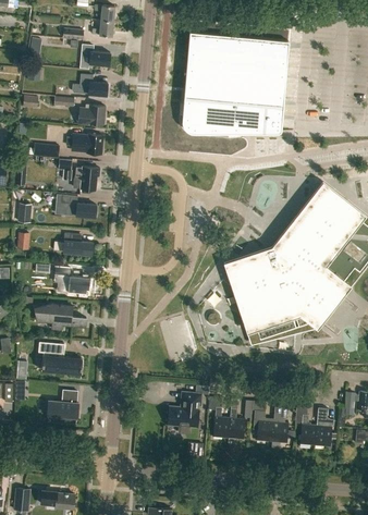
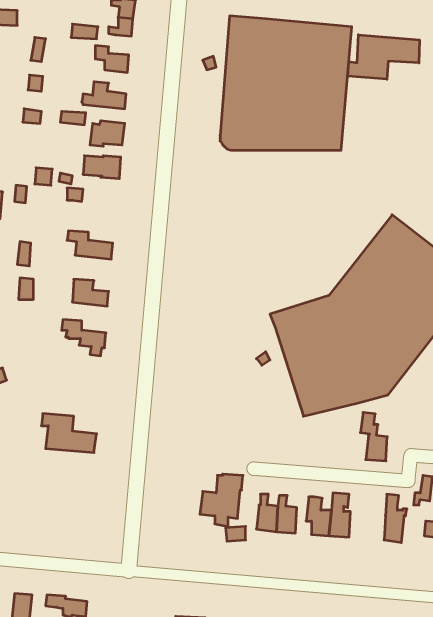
building: none -> [348,35,419,79]
building: [73,168,99,191] -> none
building: [35,303,86,329] -> none
building: [47,391,78,424] -> none
building: [295,406,317,445] -> [360,412,387,461]

